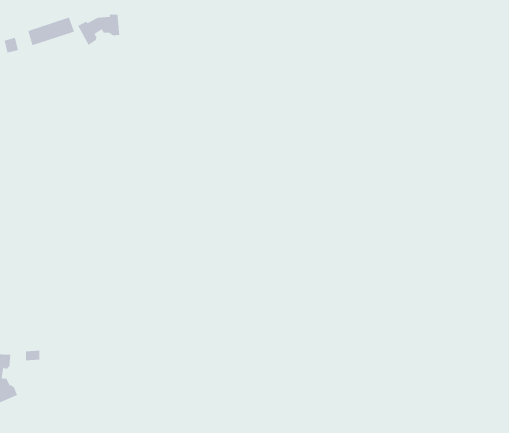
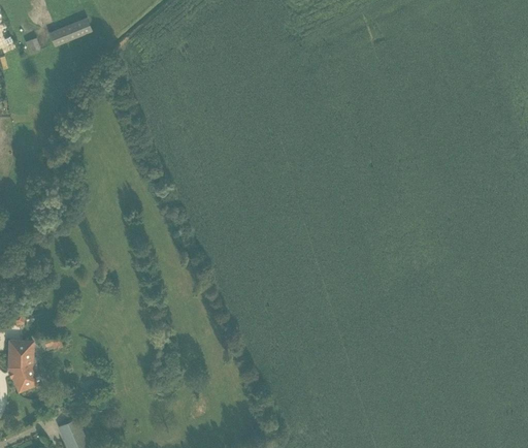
building: [77,14,120,46] -> none

